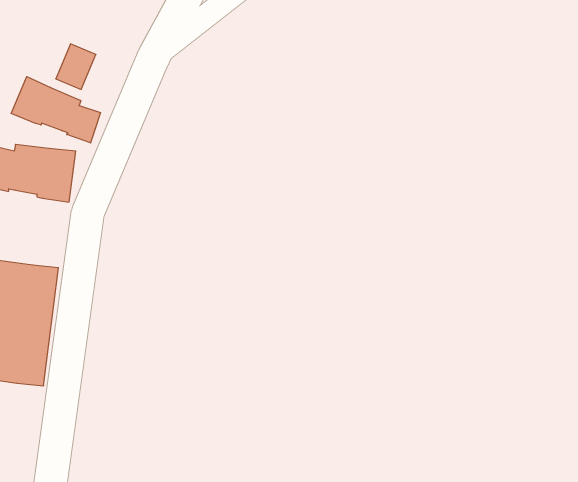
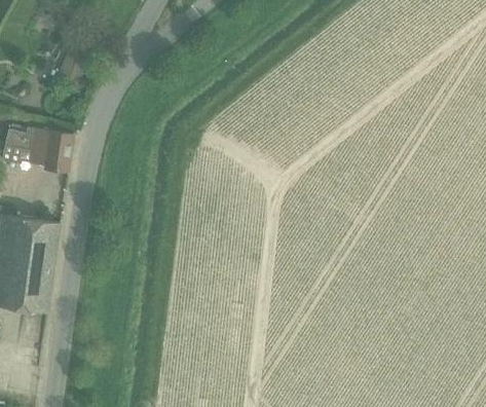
building: [11,77,101,143] -> none

